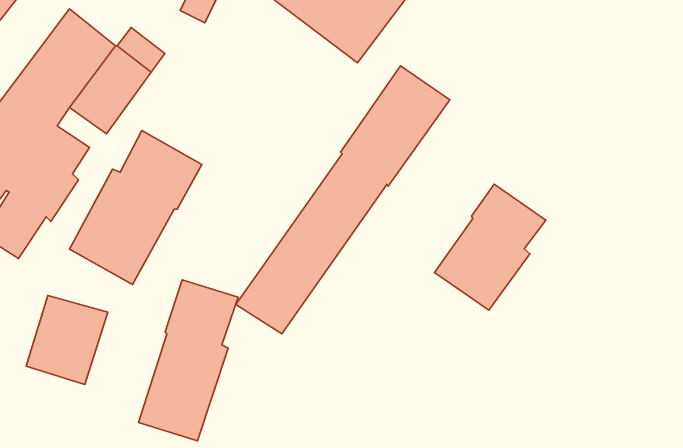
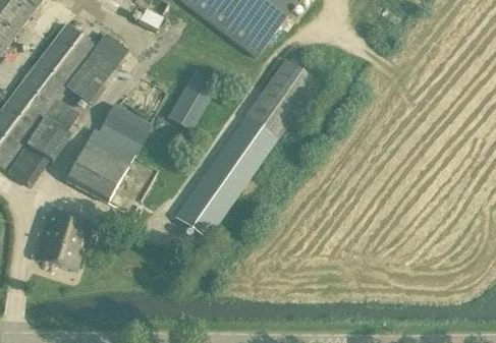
building: none -> [167,68,220,131]
building: [434,184,546,310] -> none
building: [139,280,238,441] -> none

